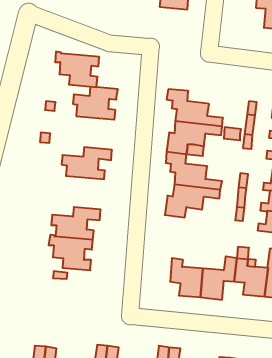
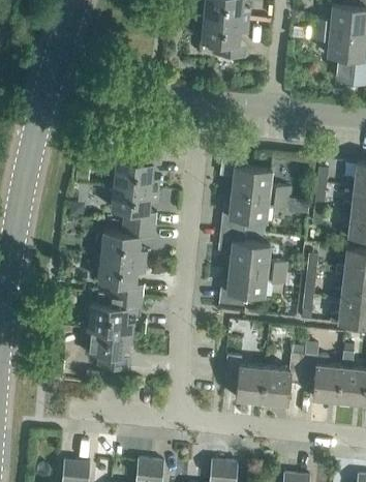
building: [55,52,99,87] -> [106,183,159,225]
building: none -> [94,255,147,297]

